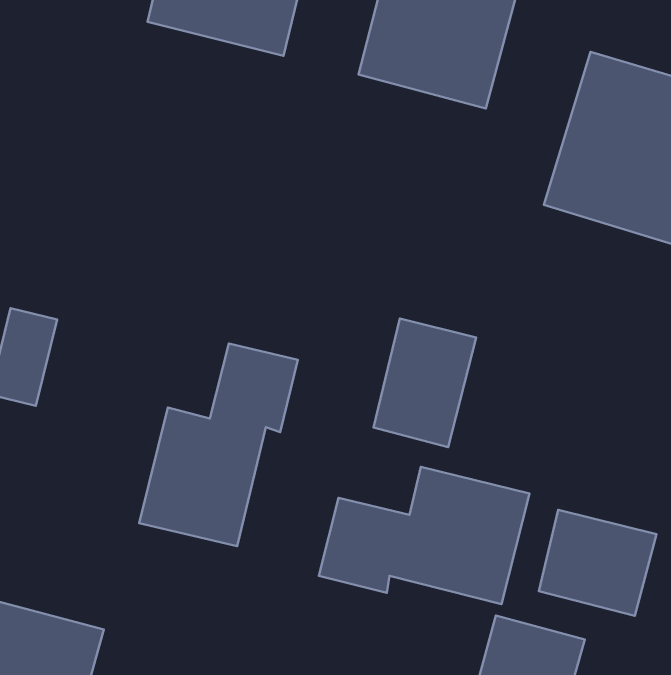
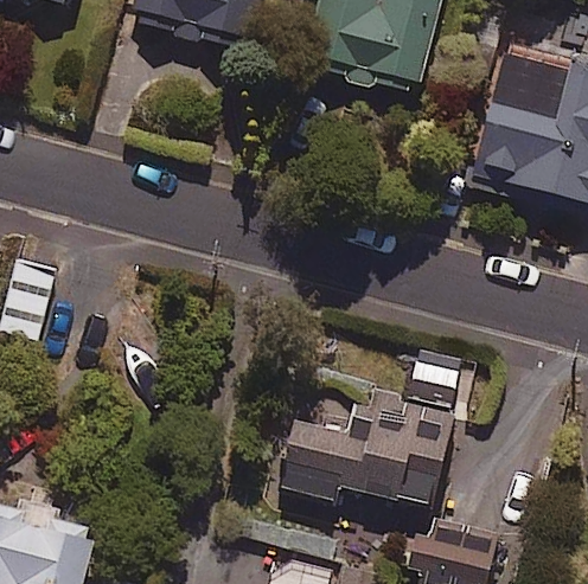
building: [374,319,476,447] -> none
building: [139,344,298,546] -> none
building: [539,510,657,616] -> none

